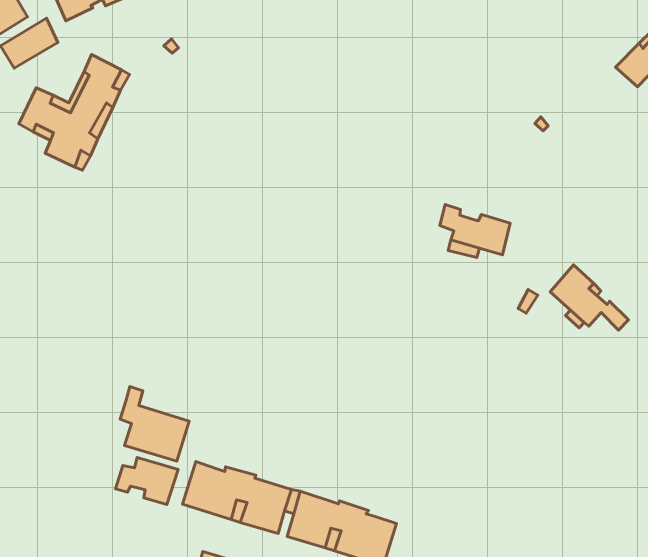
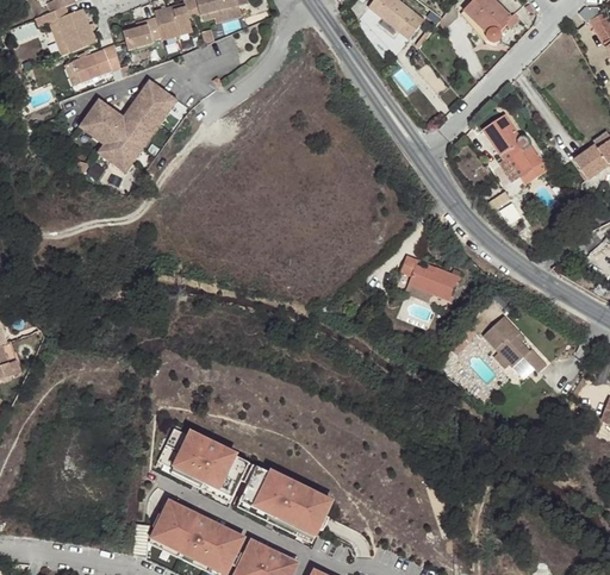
building: none -> [483,113,541,173]
building: [120,387,189,461] -> none
building: [115,457,178,504] -> none

